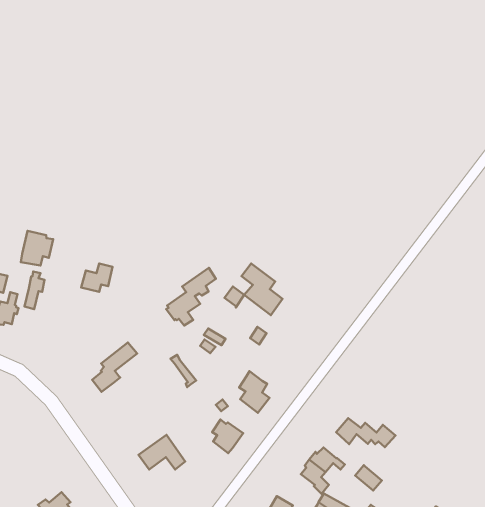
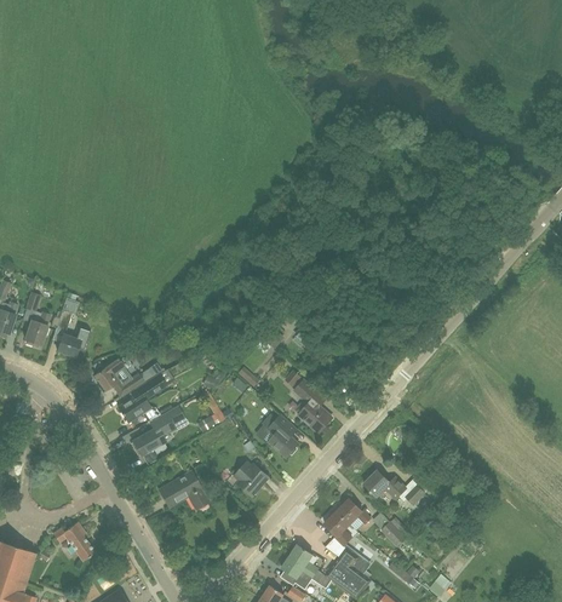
building: [21,231,53,265] -> none
building: [81,263,113,292] -> [56,327,90,356]
building: [242,264,282,315] -> [292,378,332,432]
building: [166,268,216,325] -> [130,405,183,461]
building: none -> [93,357,143,397]

